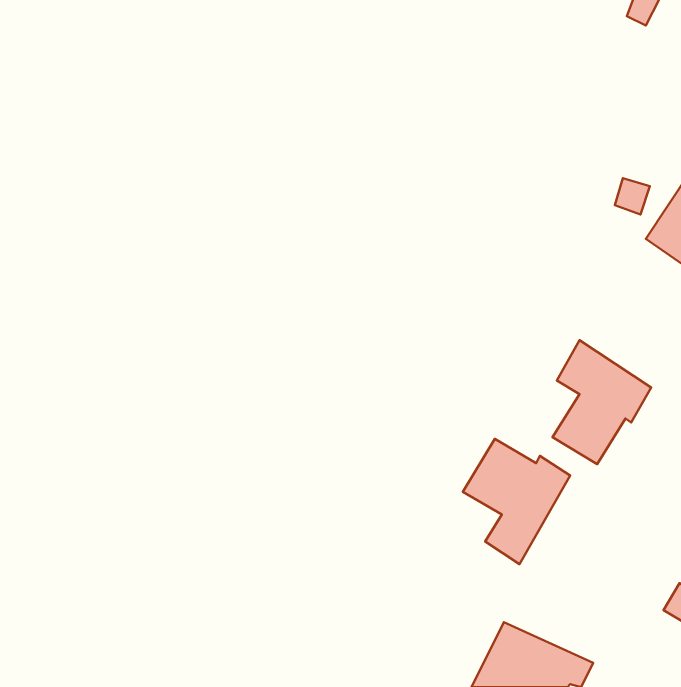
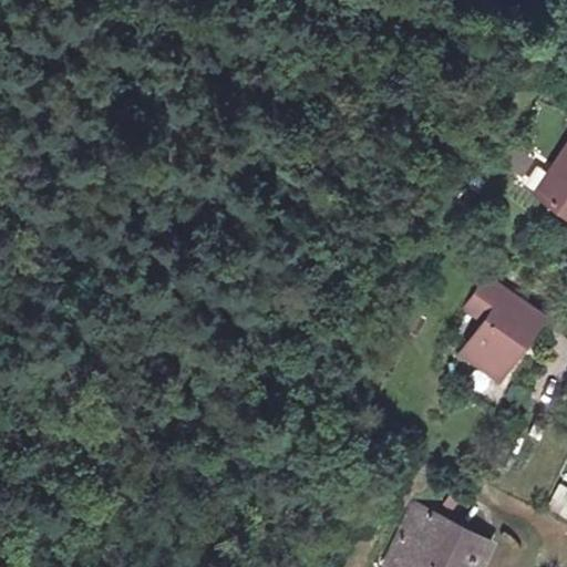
building: [463,439,570,564] -> none

